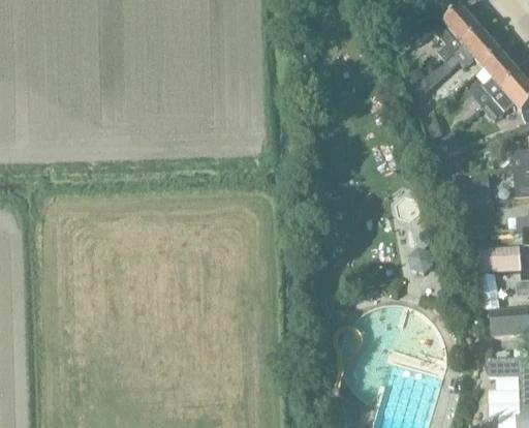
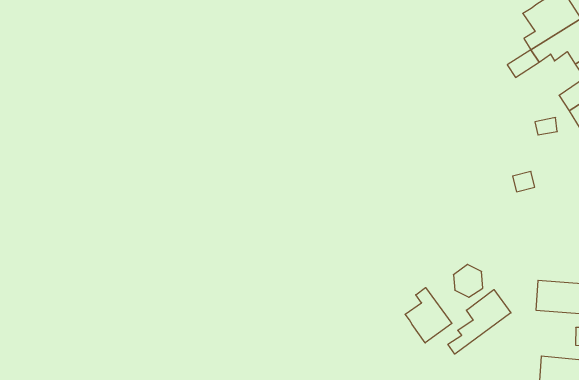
building: none -> [448,290,511,354]
building: none -> [405,288,452,343]

